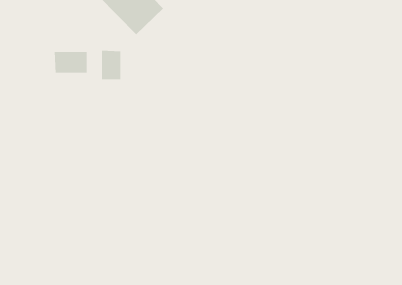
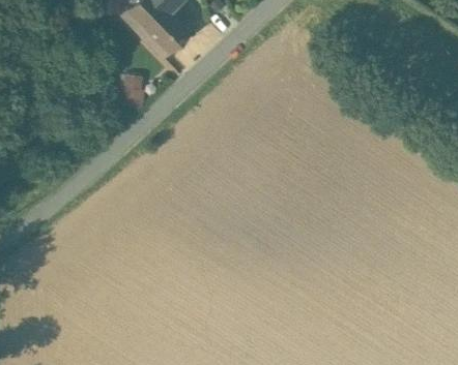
building: [54,51,87,74] -> none

